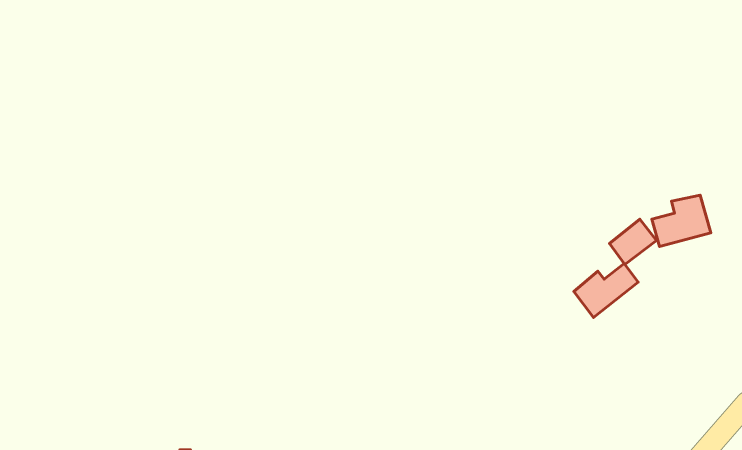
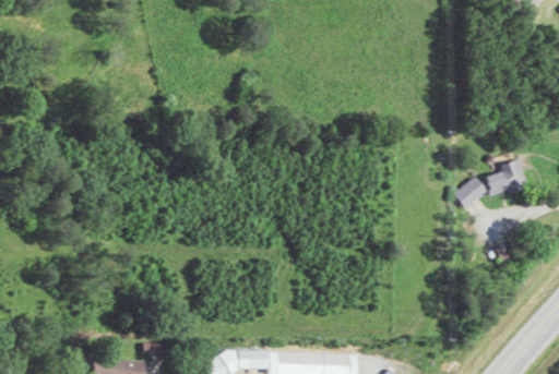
building: [574,264,638,317] -> none

